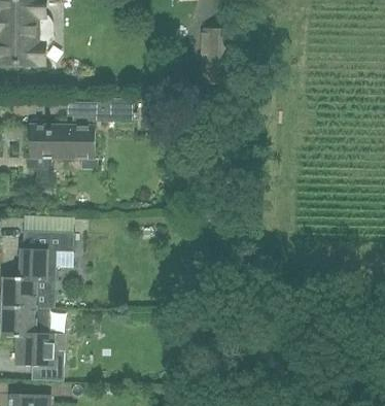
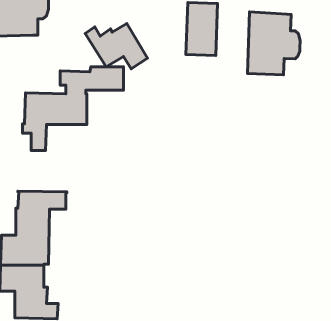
building: none -> [247,12,300,75]
building: none -> [85,24,148,69]

